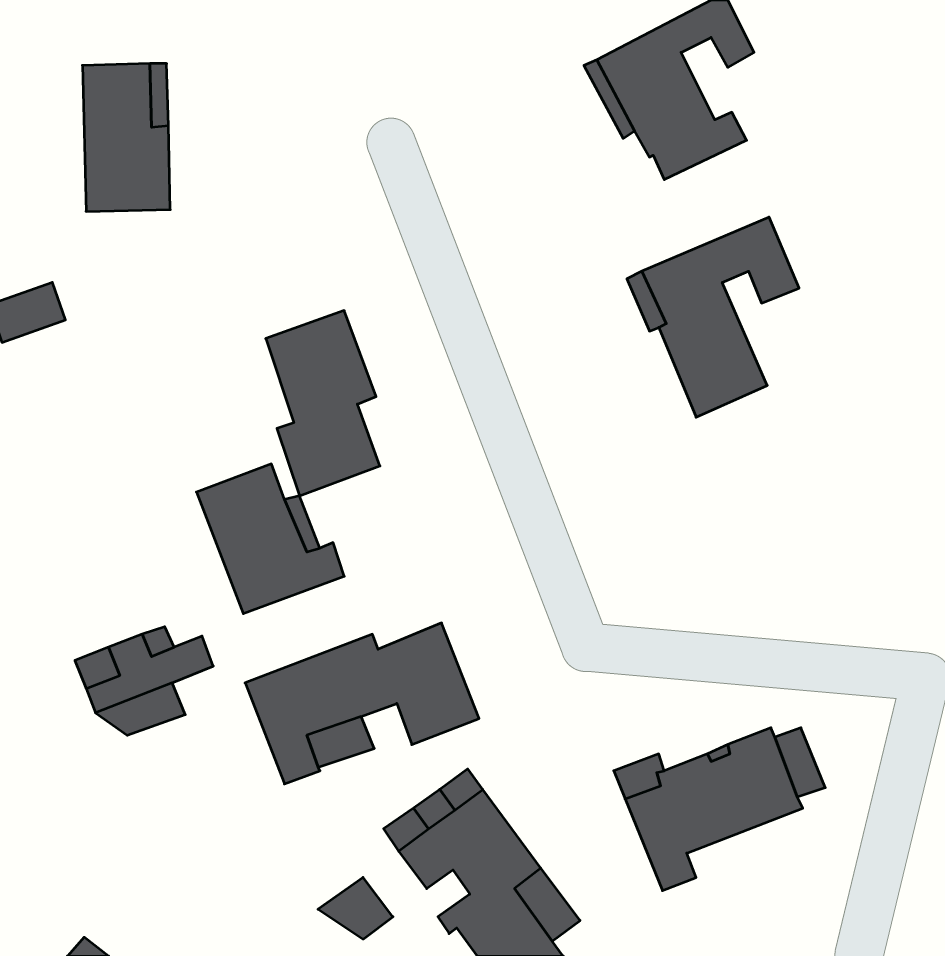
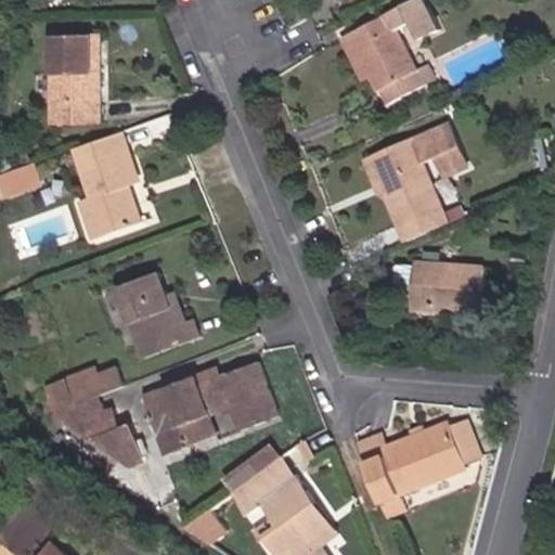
building: [266,311,380,496] -> [73,132,139,240]
building: none -> [391,261,480,311]
building: none -> [74,410,143,467]

